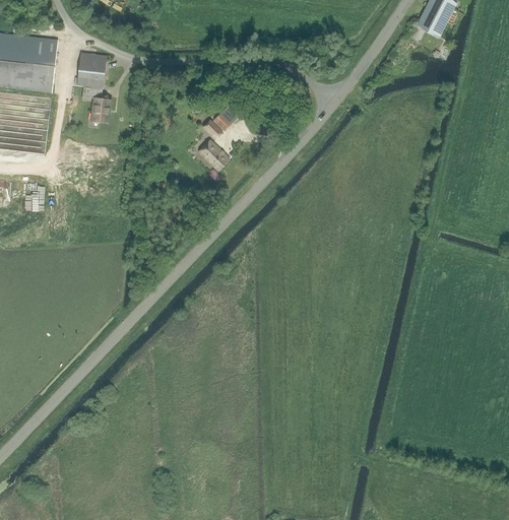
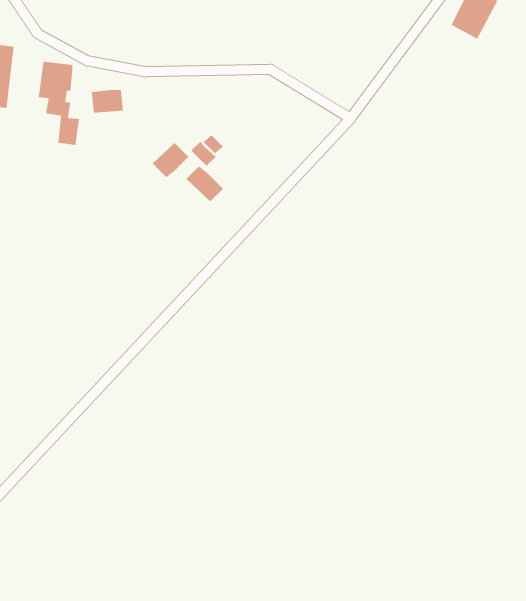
building: none -> [91,89,124,114]
building: none -> [152,142,189,178]

